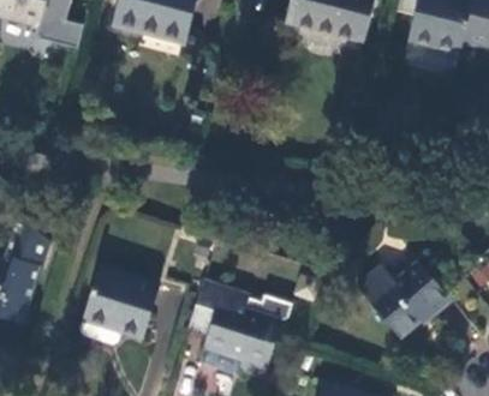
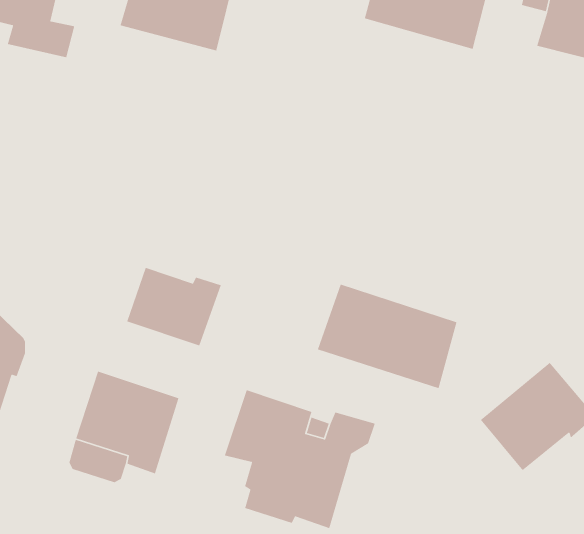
building: none -> [126,267,222,346]
building: none -> [317,283,458,389]

